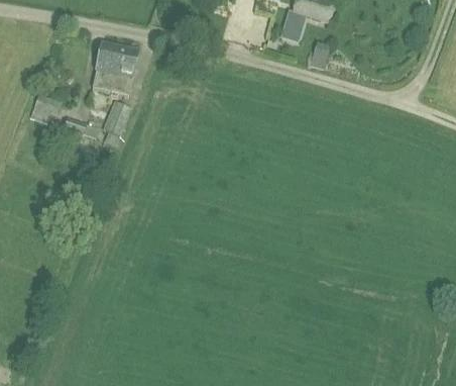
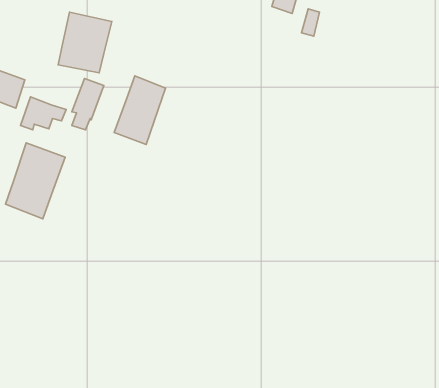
building: none -> [114,76,166,144]
building: none -> [6,143,65,219]

